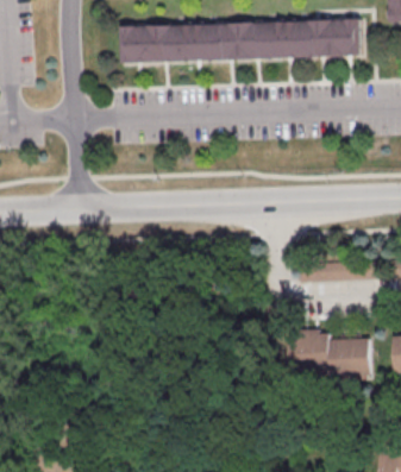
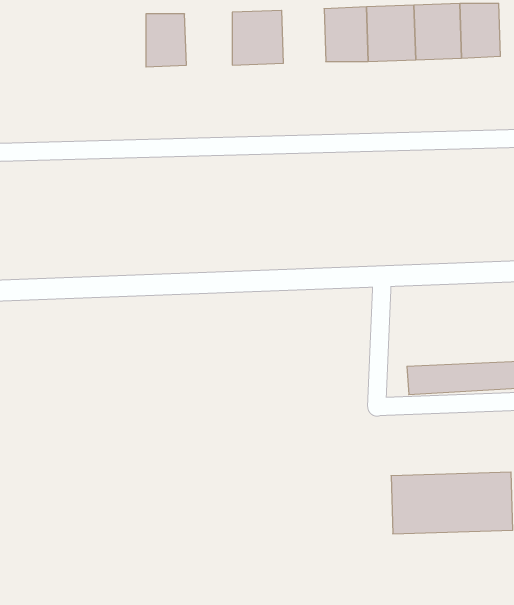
building: [214,23,244,59] -> none
building: [149,25,181,61] -> none

